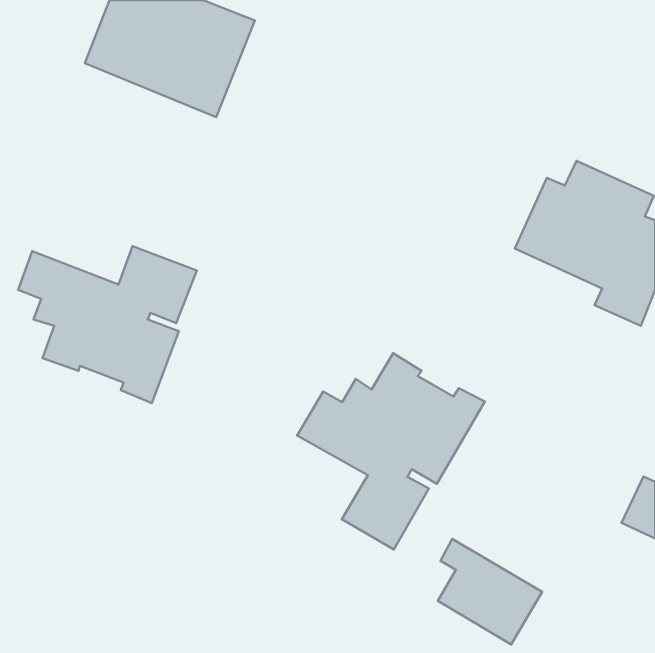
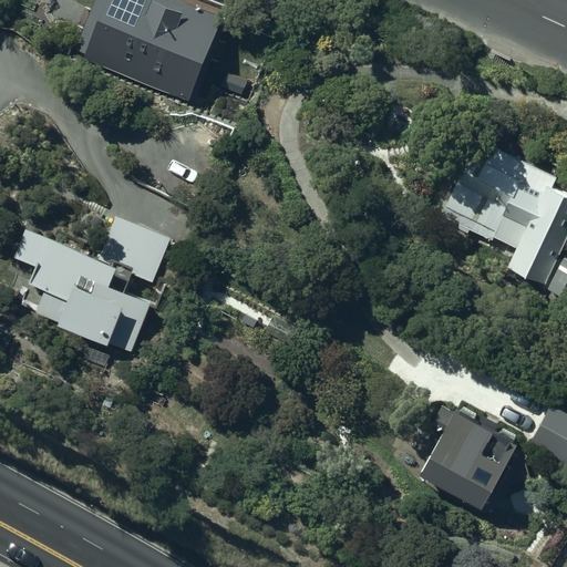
building: [297,353,485,549] -> none
building: [438,539,542,644] -> [432,411,522,502]

